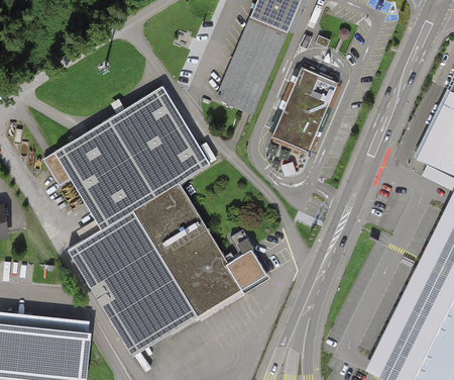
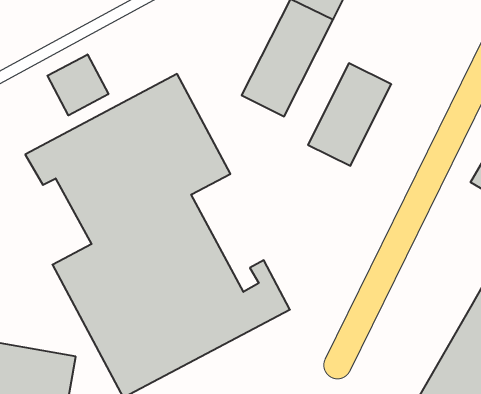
building: none -> [47,54,108,115]

